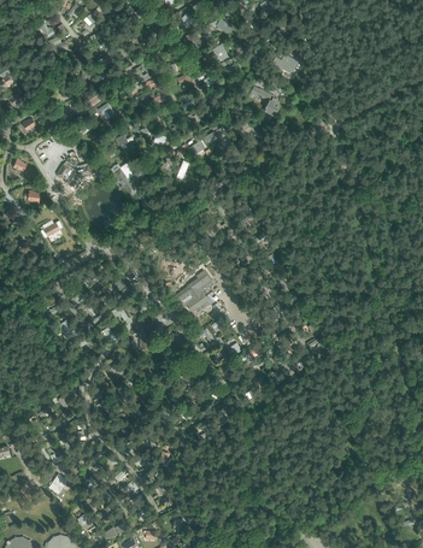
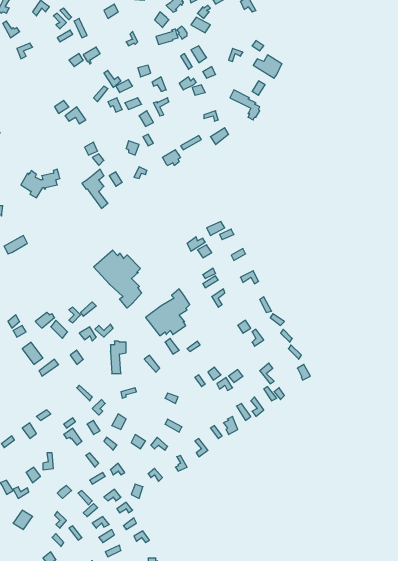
building: none -> [94,250,142,308]

